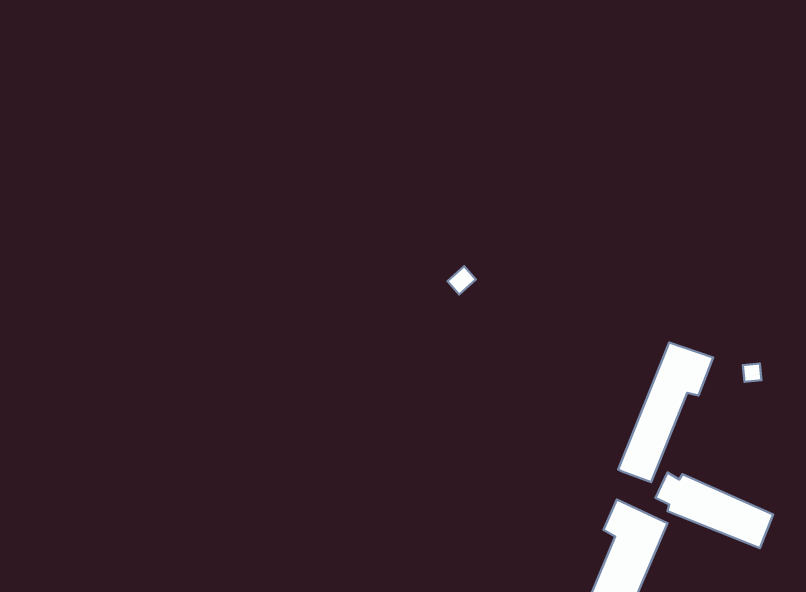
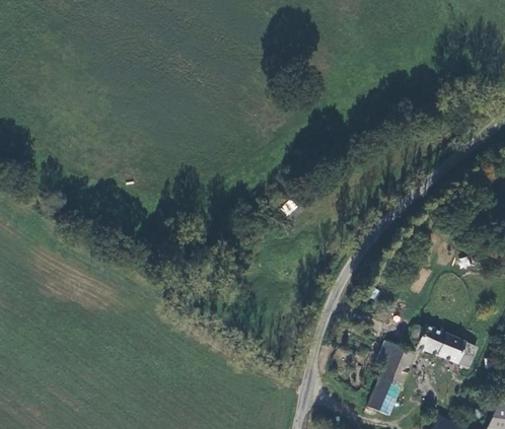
building: [618,342,713,482] -> none

